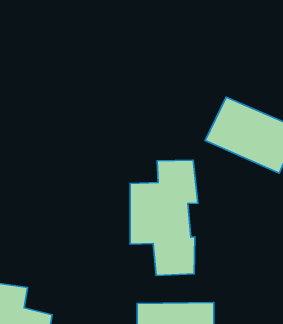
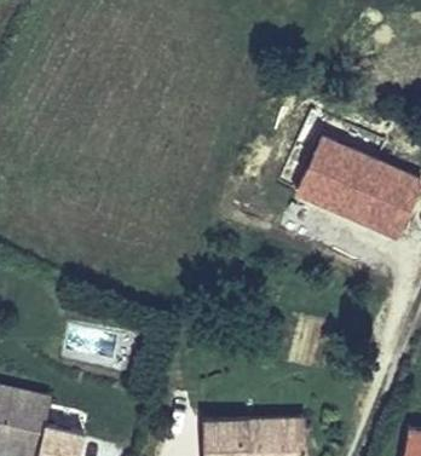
building: [130,160,198,275] -> none

